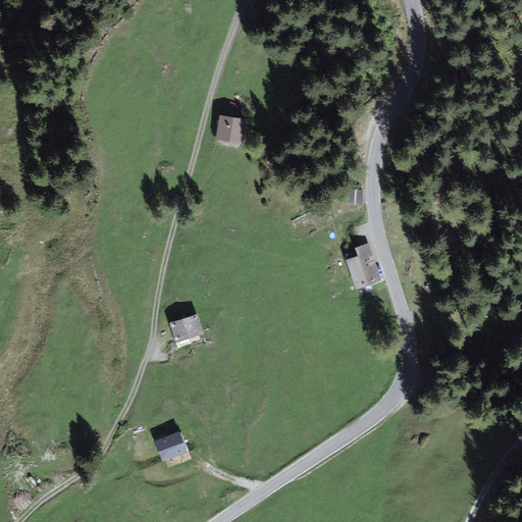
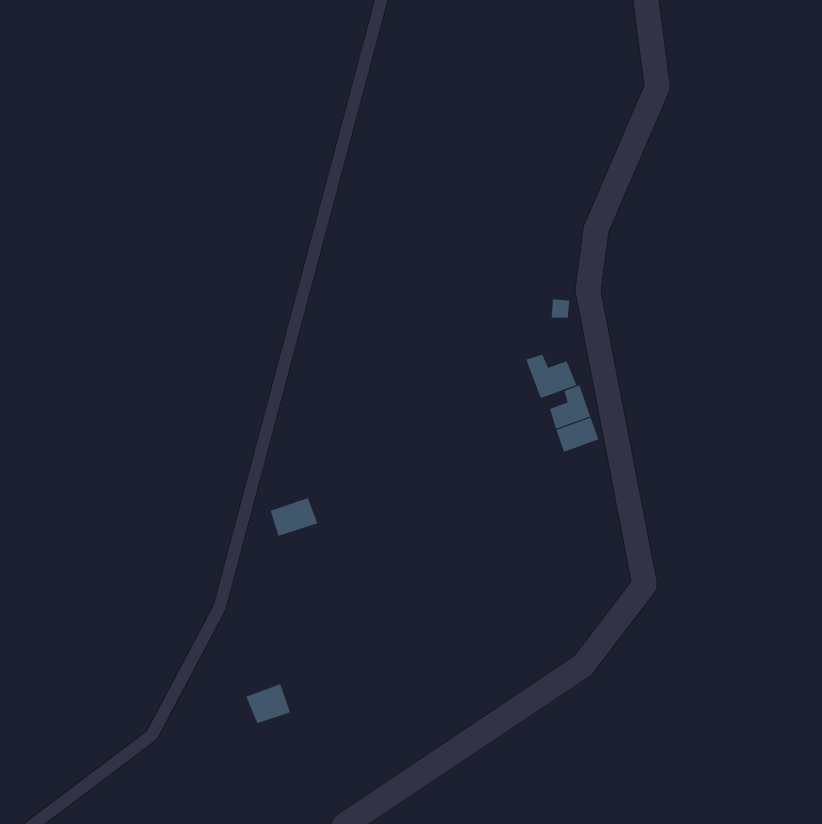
building: [215,115,244,141] -> none
building: none -> [526,354,577,399]

